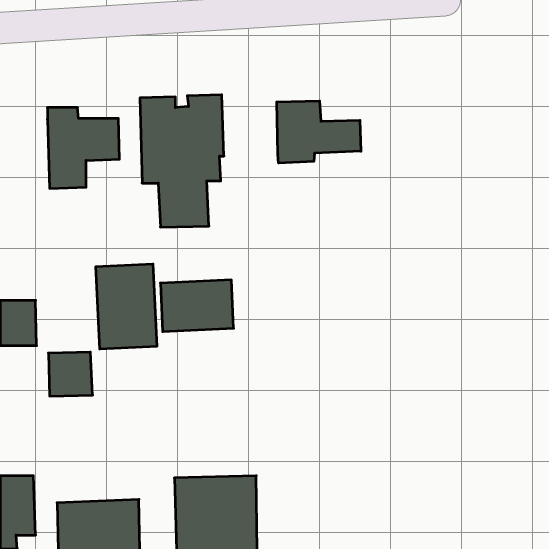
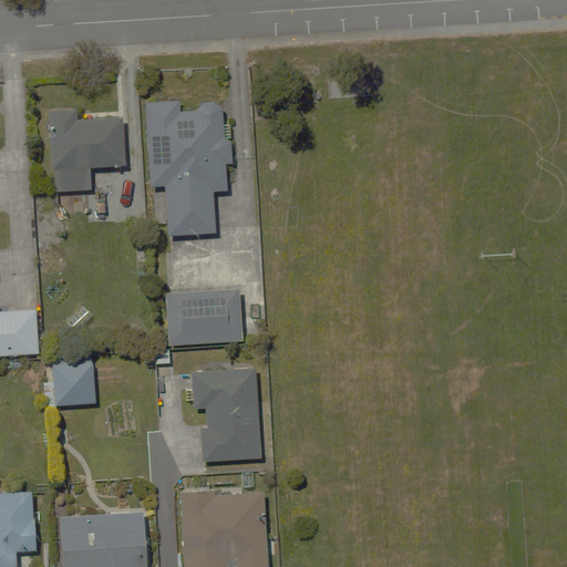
building: [277,101,361,163] -> none
building: [96,264,157,349] -> none
building: none -> [192,367,260,461]

